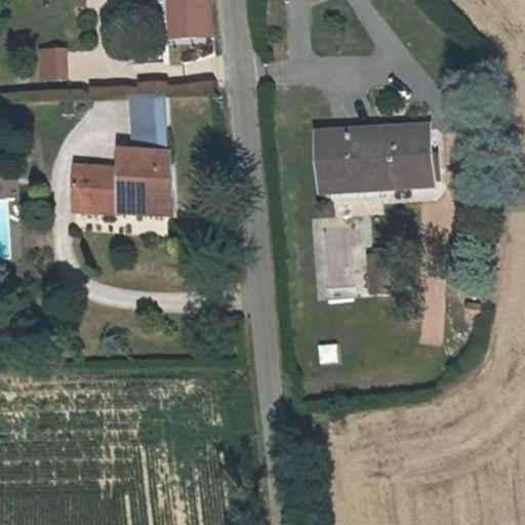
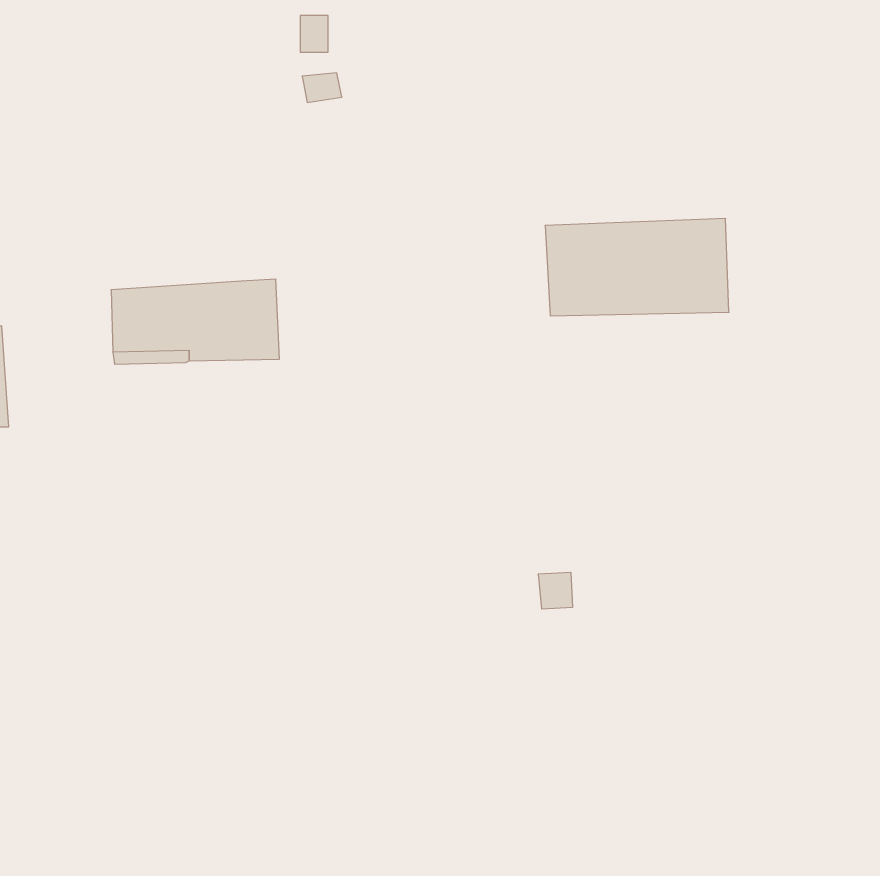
building: [36,42,69,77] -> none
building: [140,97,163,166] -> none

